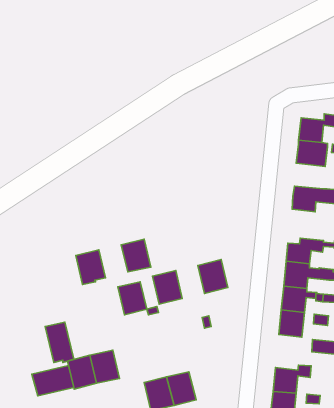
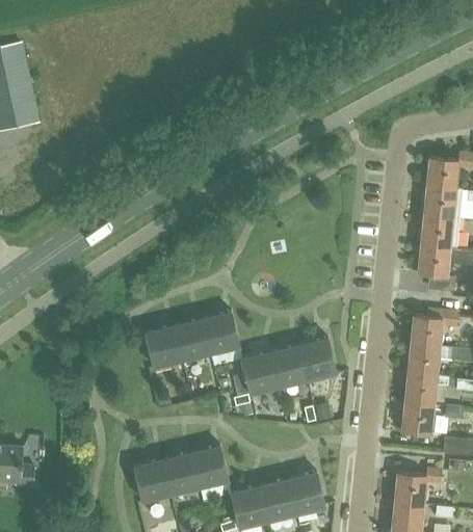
building: none -> [421,216,459,248]
building: none -> [271,345,308,387]
building: [118,282,147,315] -> [175,319,211,361]
building: [45,322,74,362] -> none
building: none -> [192,445,229,487]
building: [32,366,74,396] -> none
building: none -> [288,472,325,514]

